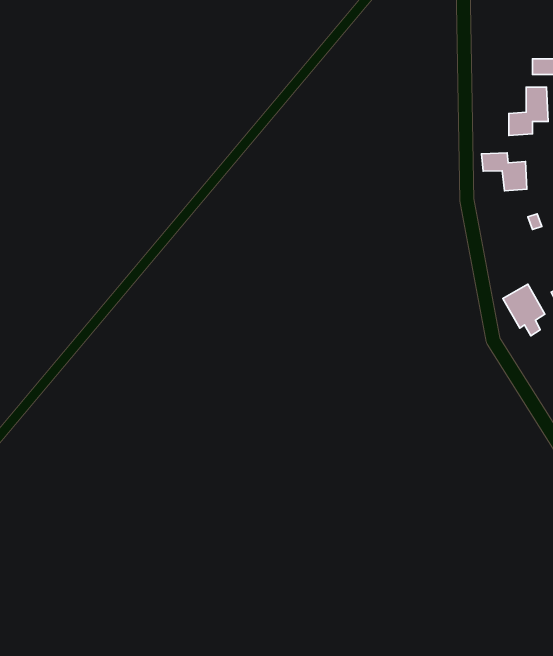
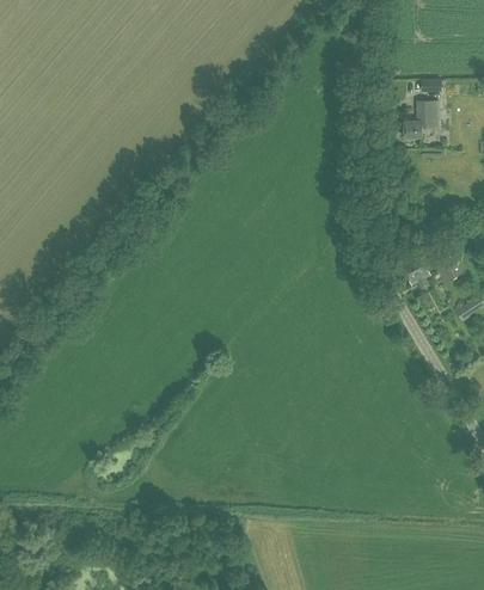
building: [481,153,527,191] -> none

